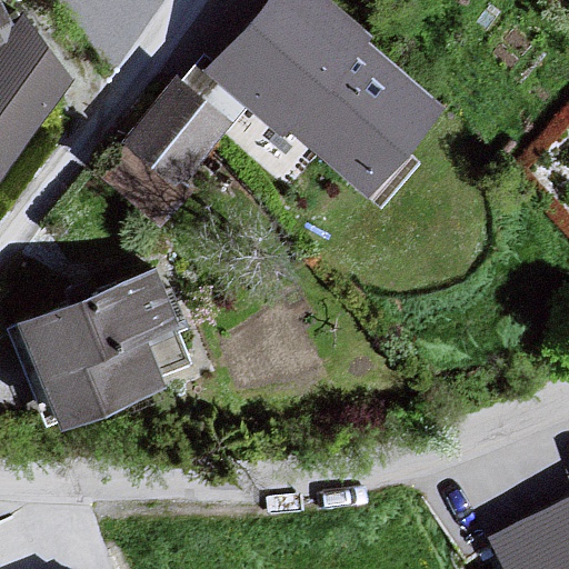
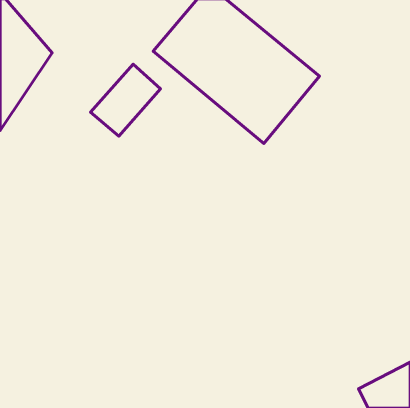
building: [13,274,196,421] -> none

